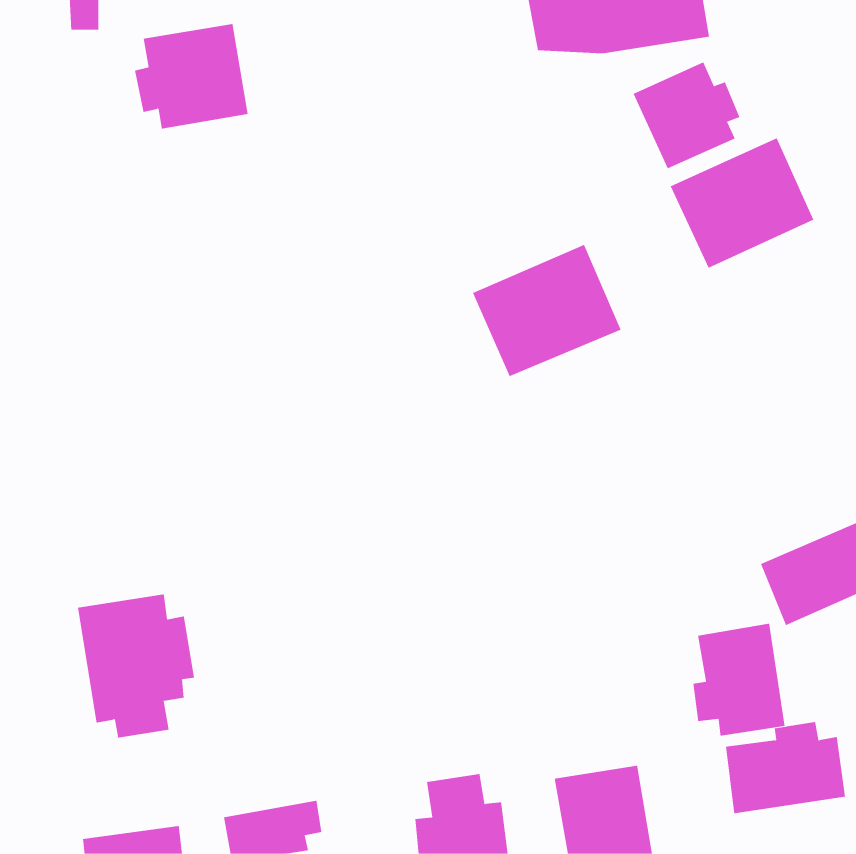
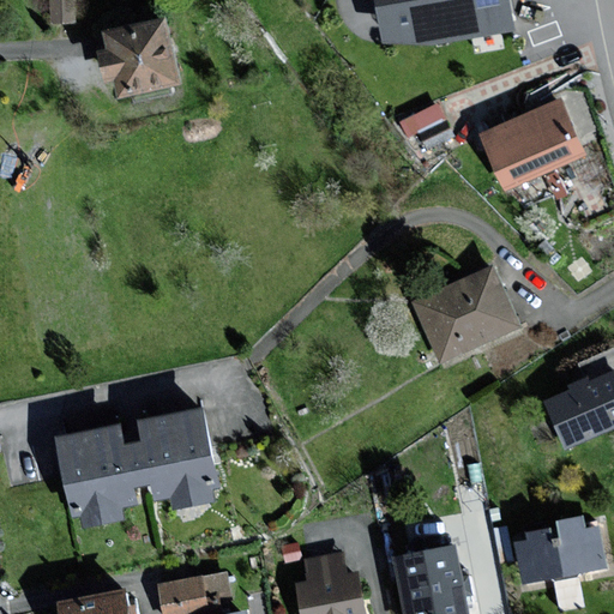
building: [633,62,740,169] -> none
building: [472,244,622,377] -> [411,267,518,362]
building: none -> [133,409,213,505]
building: [693,623,785,737] -> none

